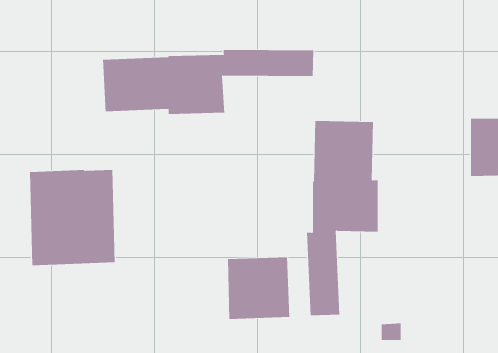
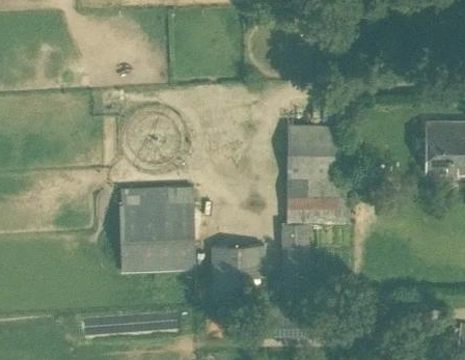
building: [103,49,314,115] -> none
building: [29,169,115,266] -> [118,187,195,273]

